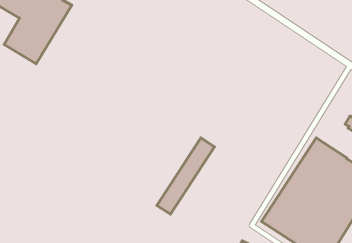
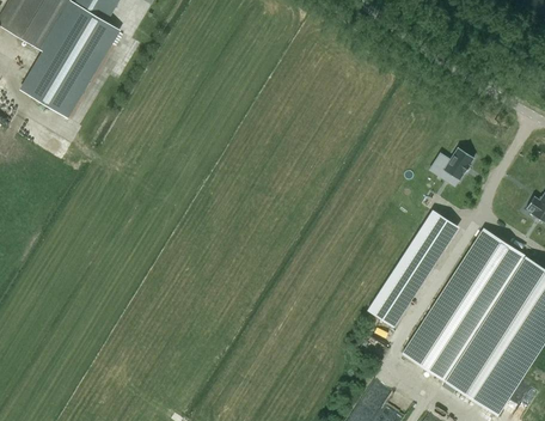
building: none -> [440,146,474,187]
building: [157,138,215,214] -> [367,209,453,323]

